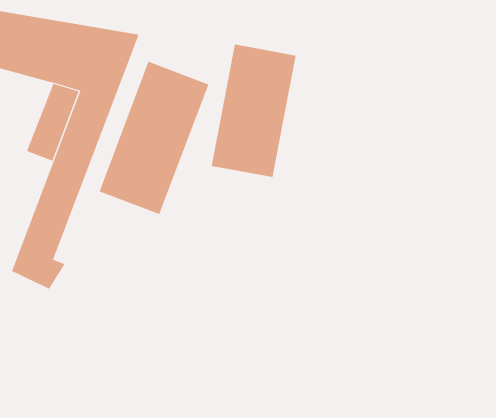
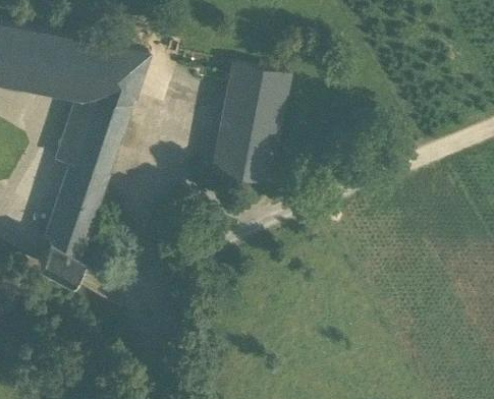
building: [99,61,209,215] -> none

